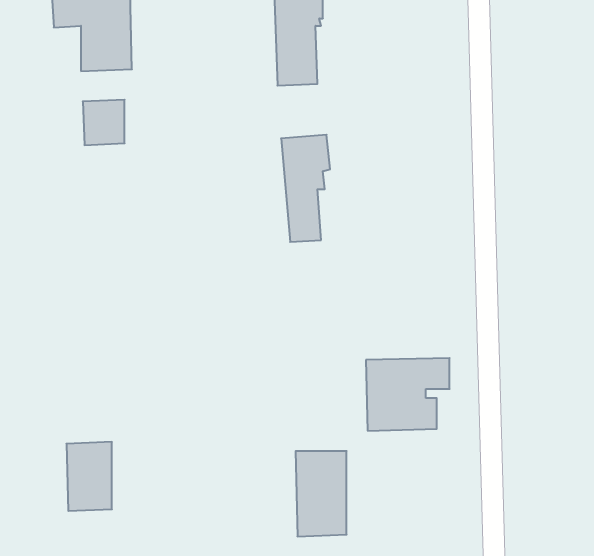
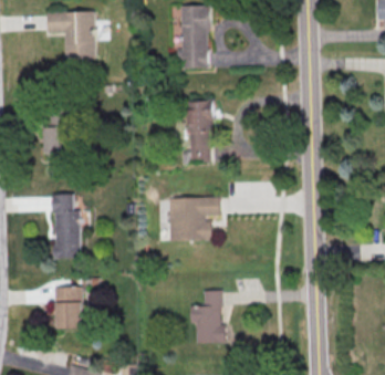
building: [83,100,125,145] -> [41,125,66,153]
building: none -> [50,194,81,259]
building: [366,358,450,431] -> [167,197,218,241]

